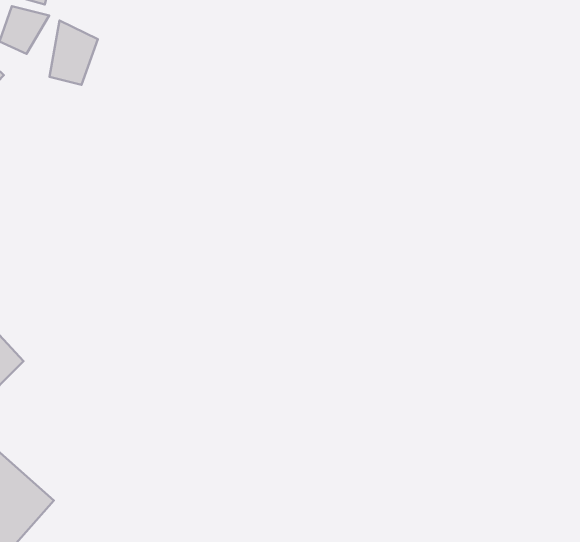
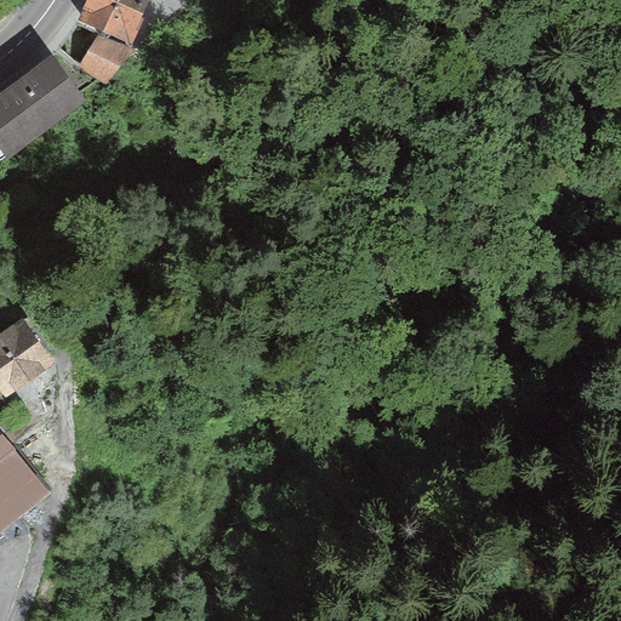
building: [49,21,98,85] -> none

